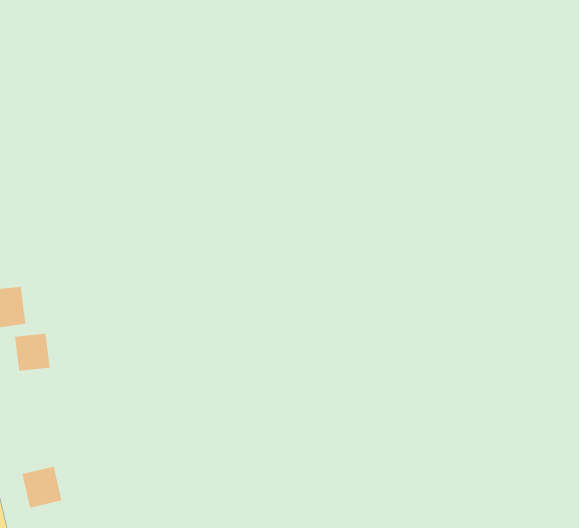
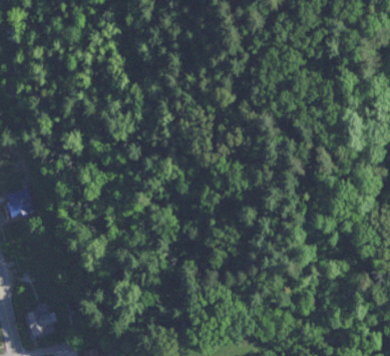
building: [14,333,50,372] -> none

